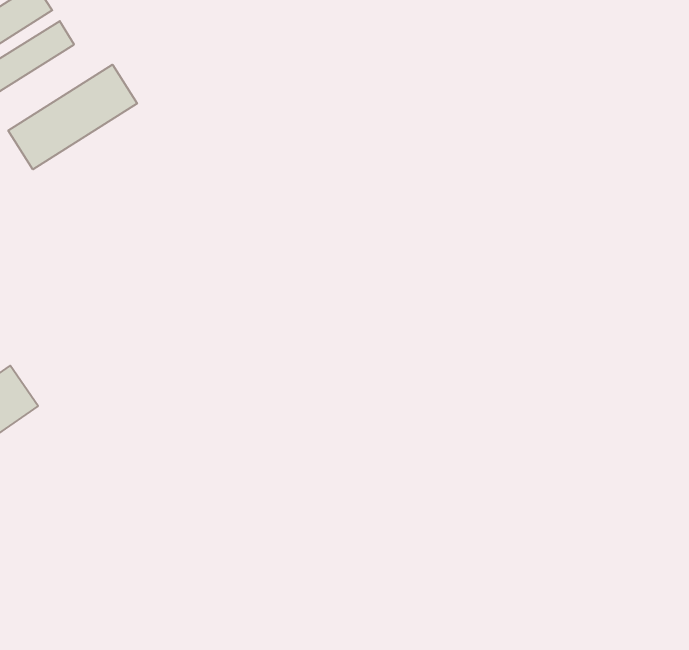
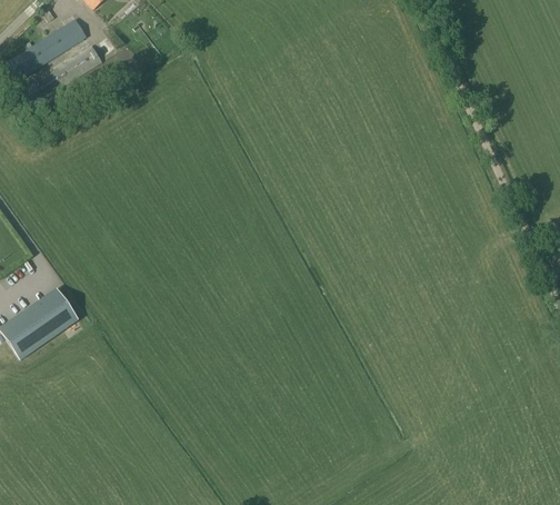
building: [8,65,137,169] -> none

